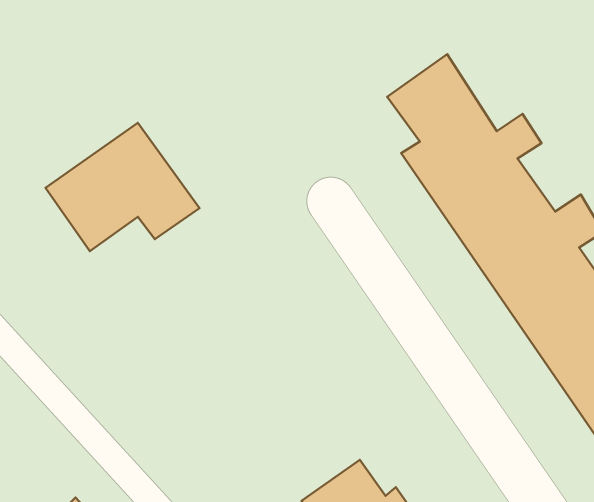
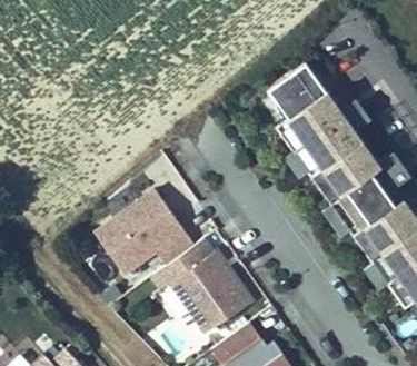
building: [45,123,200,251] -> [97,191,197,275]
building: none -> [171,254,250,334]

